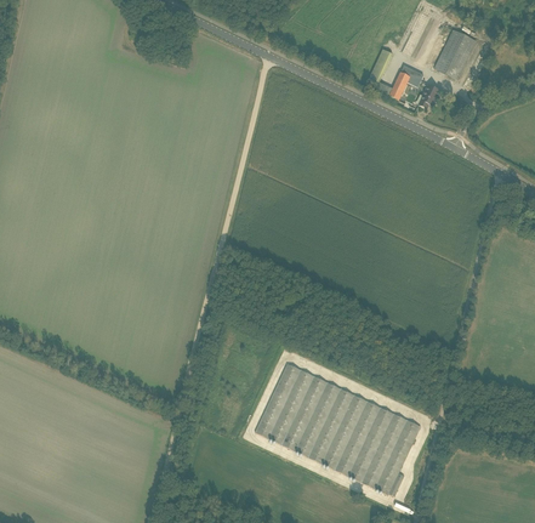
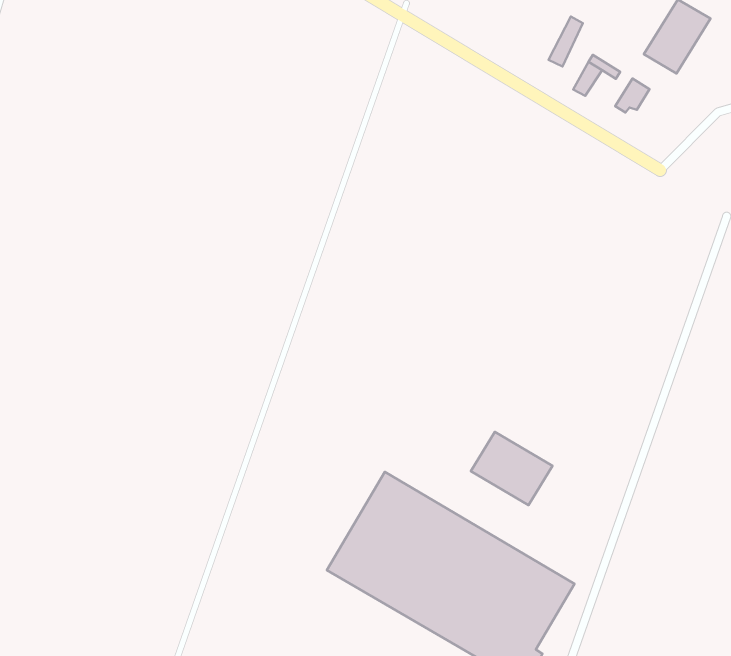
building: none -> [471,432,553,505]

